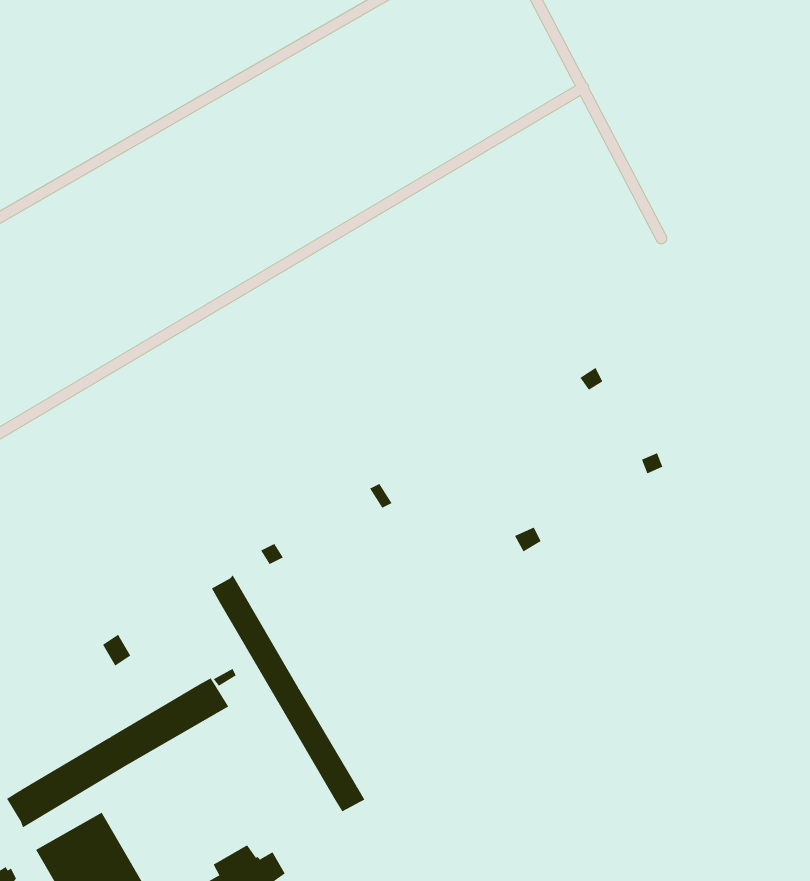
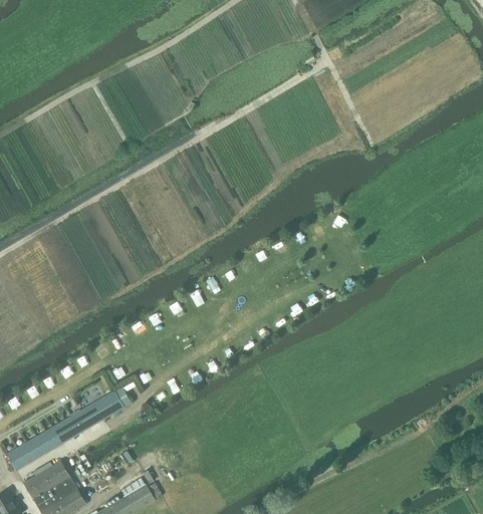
building: [211,575,365,812] -> none

